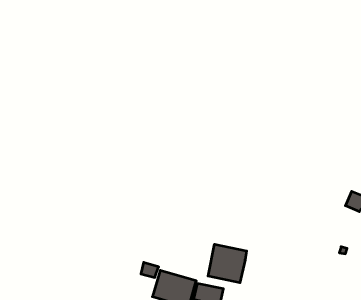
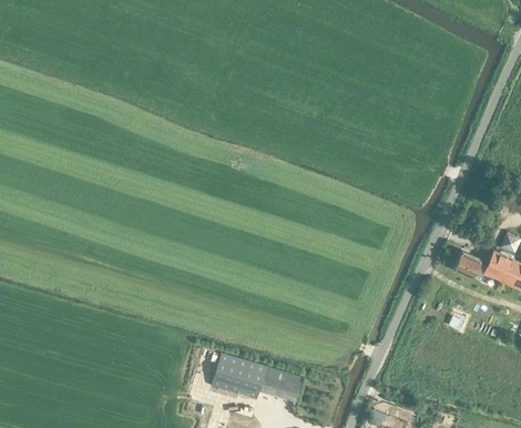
building: [208,244,247,283] -> none

